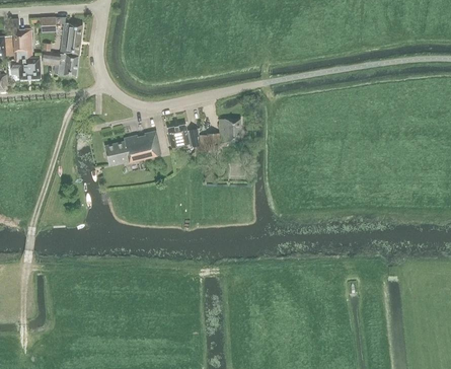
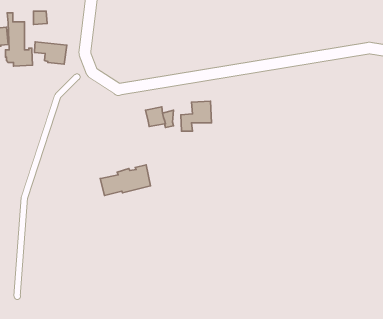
building: [60,22,81,54] -> none
building: [103,130,160,164] -> [100,165,151,196]

